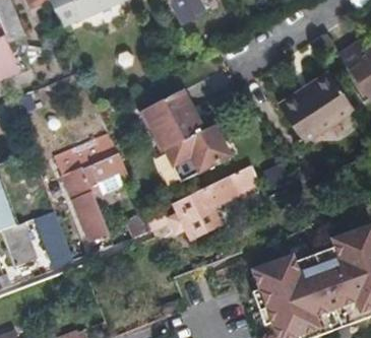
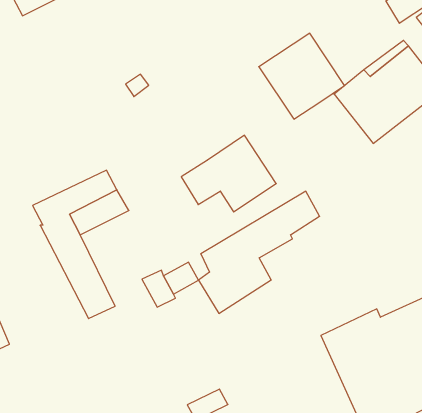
building: [143,90,202,149] -> [259,33,345,119]
building: [36,211,74,271] -> none

